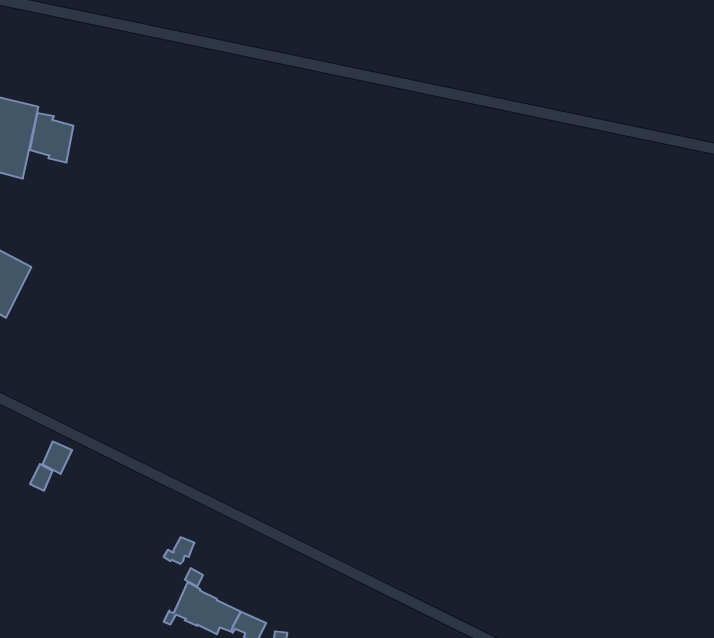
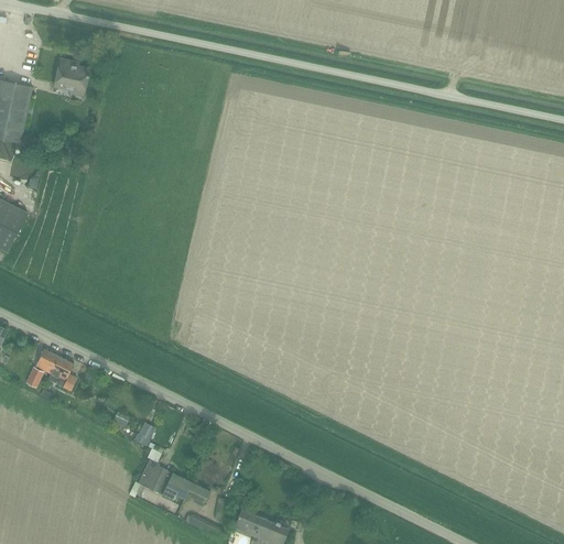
building: [30,113,74,163] -> [54,58,88,97]
building: none -> [47,356,76,391]

